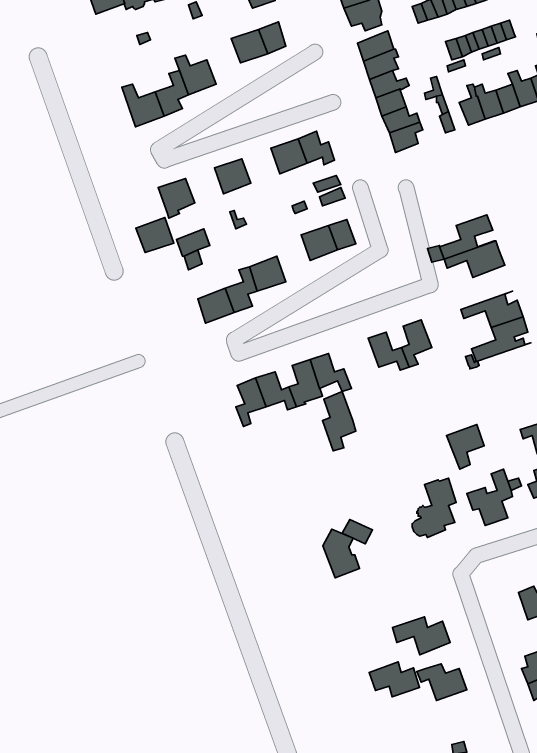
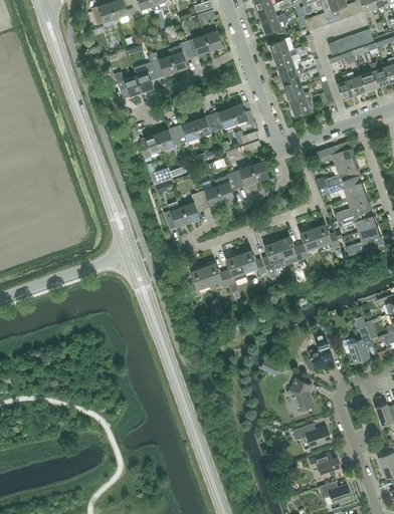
building: none -> [169,41,193,71]
building: none -> [194,113,219,137]
building: none -> [316,145,356,165]
building: [136,217,174,252] -> [157,126,182,150]
building: none -> [217,171,239,202]
building: none -> [336,191,373,220]
building: none -> [313,222,340,250]
building: [322,392,356,451] -> [264,239,286,278]
building: [447,425,484,469] -> none
building: [323,529,359,578] -> [290,378,315,411]
building: [369,662,420,697] -> [319,480,352,503]

